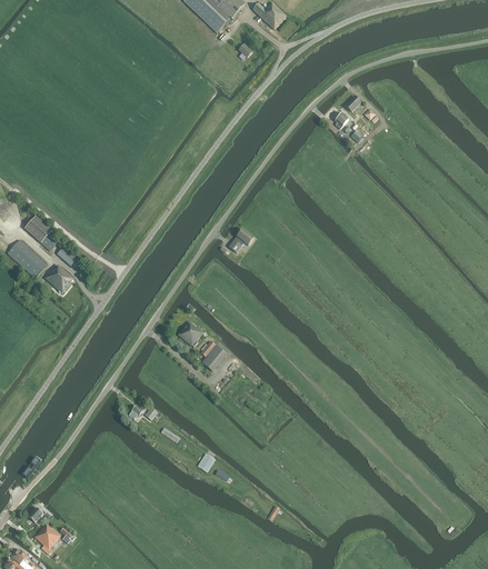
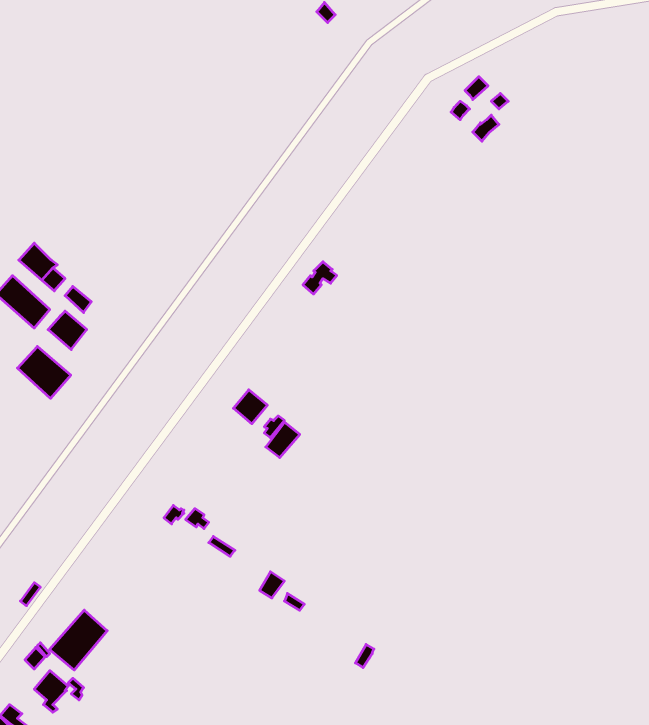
building: none -> [17,346,71,398]
building: none -> [50,610,107,670]

